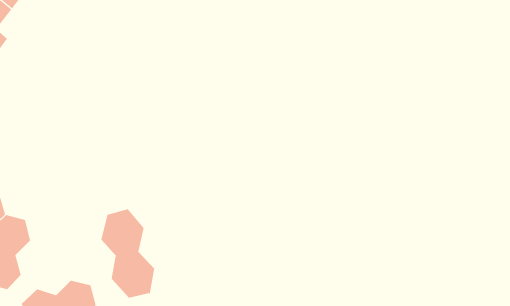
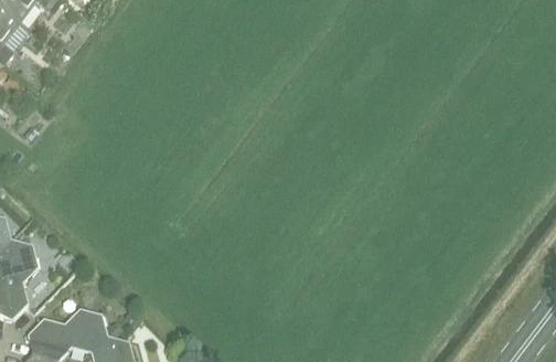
building: [101,209,156,299] -> none

